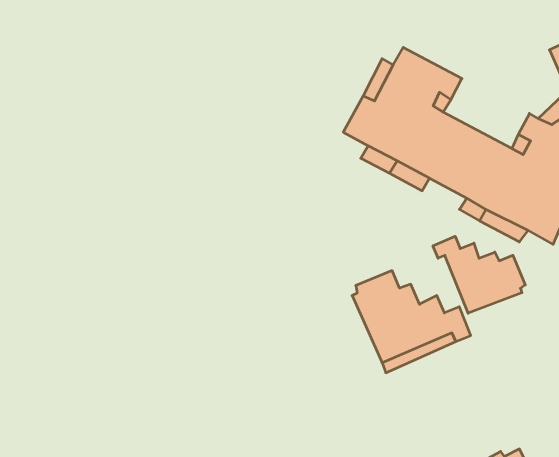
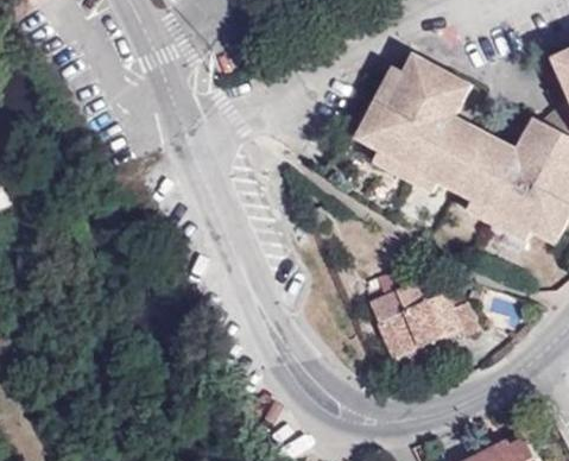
building: [433,236,525,313] -> none

